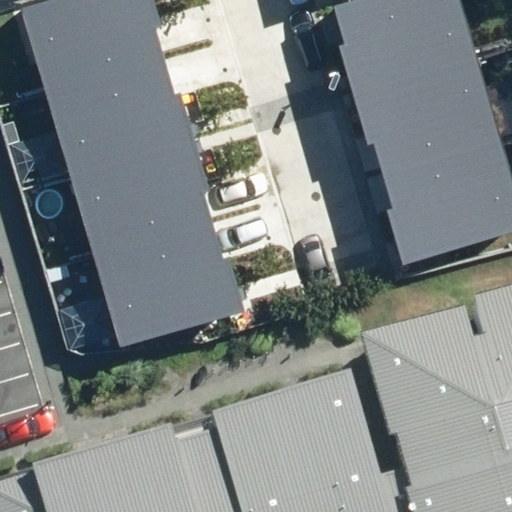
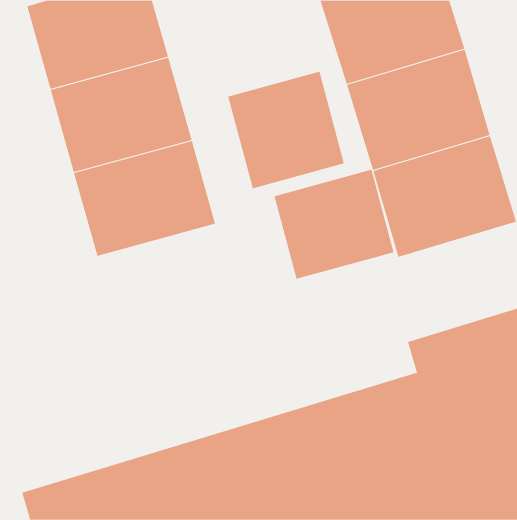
building: none -> [228,71,345,189]
building: none -> [274,169,394,280]
building: [98,220,237,334] -> none

